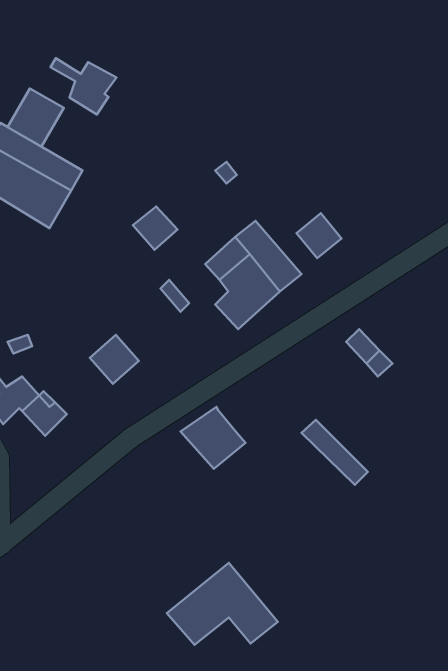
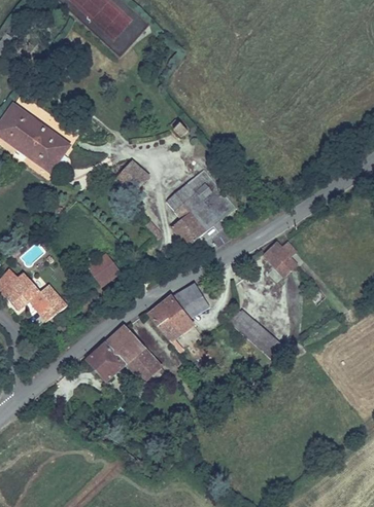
building: [51,58,117,114] -> none
building: [8,88,64,147] -> none
building: [297,213,341,258] -> none
building: none -> [172,284,207,318]
building: [167,563,278,645] -> [81,328,161,387]

